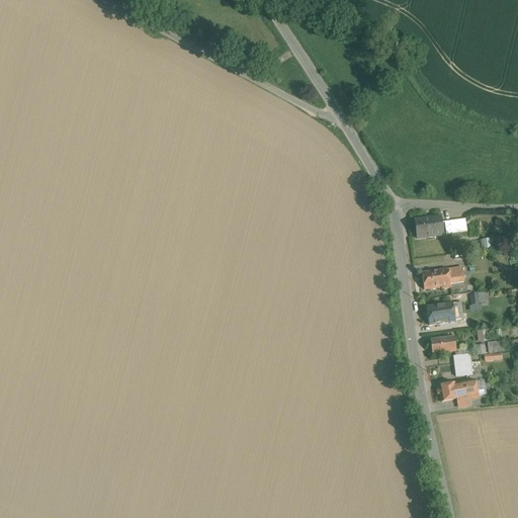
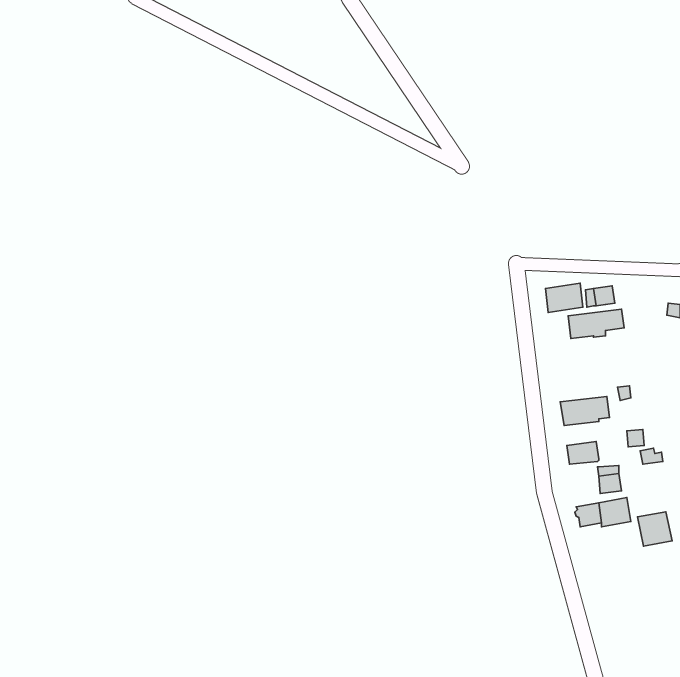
building: [422,266,464,288] -> [568,309,624,338]
building: none -> [637,512,672,546]

